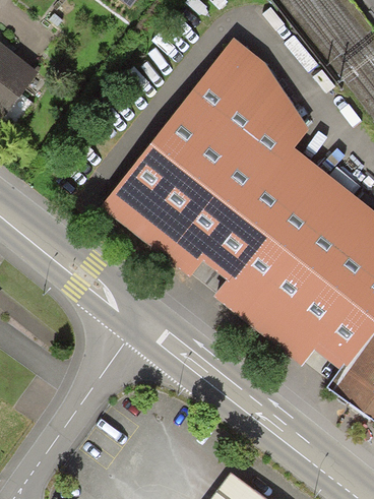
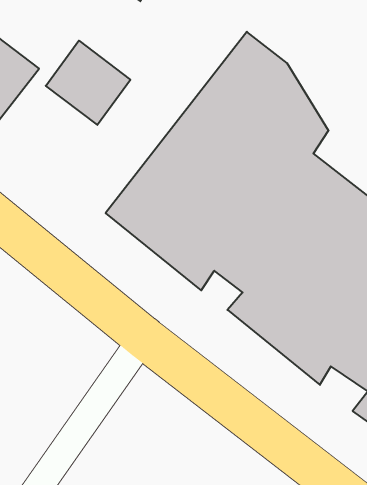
building: none -> [46,41,130,125]

